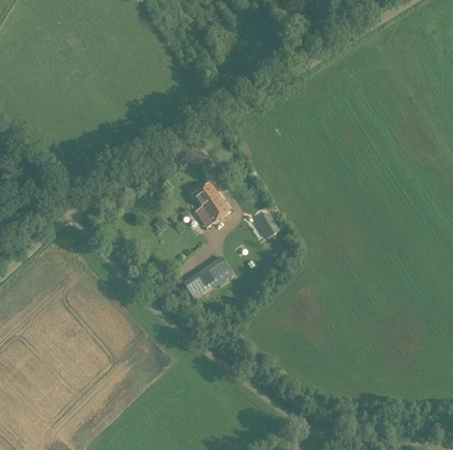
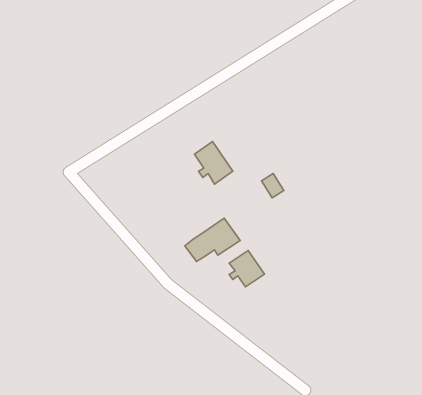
building: none -> [229,251,265,287]

